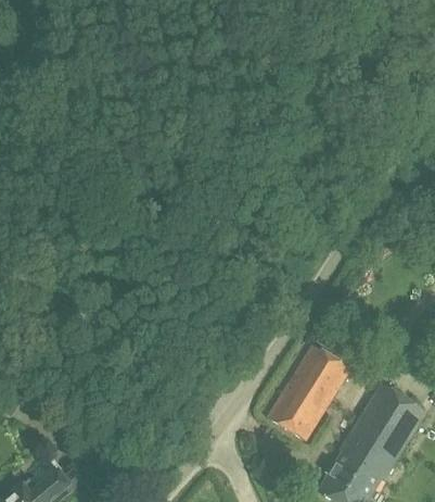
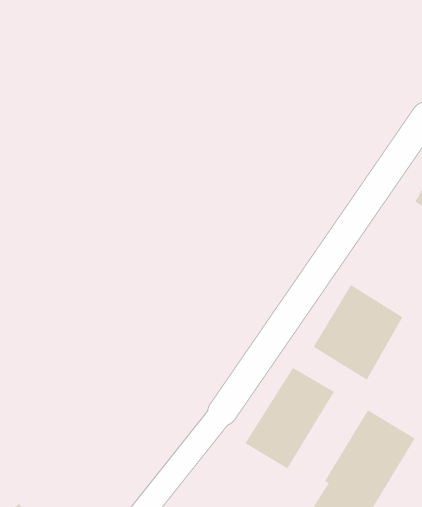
building: none -> [313,284,403,381]

